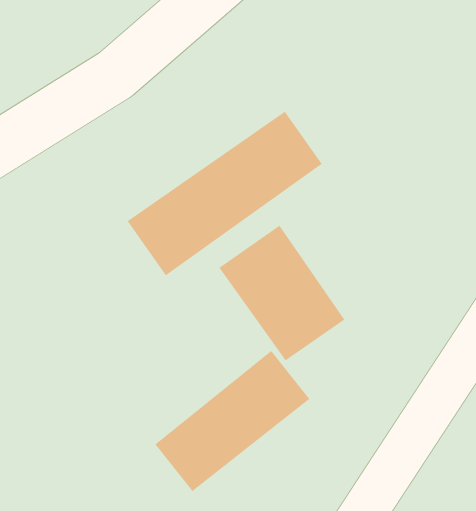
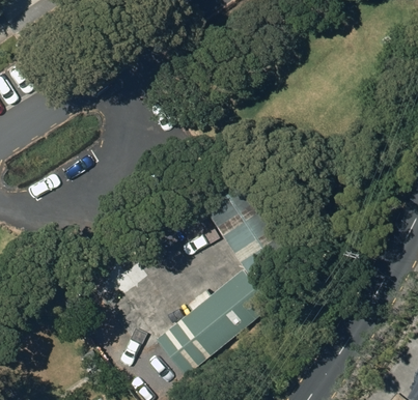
building: [127,111,323,276] -> none

